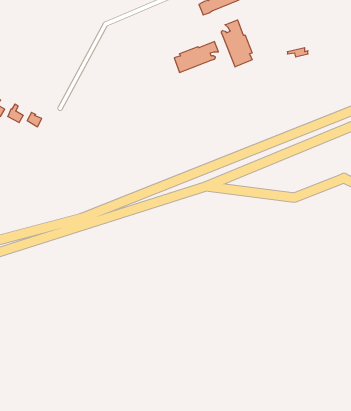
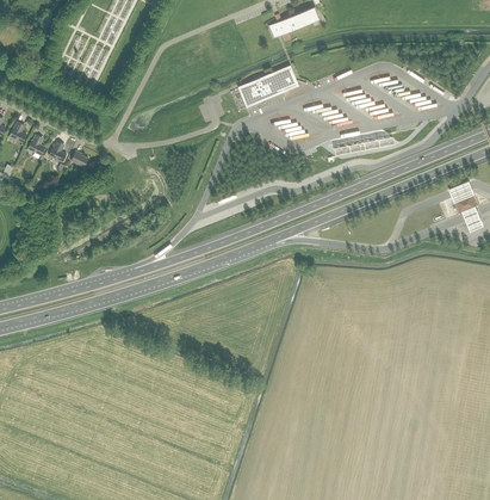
building: [221,20,252,67] -> none

